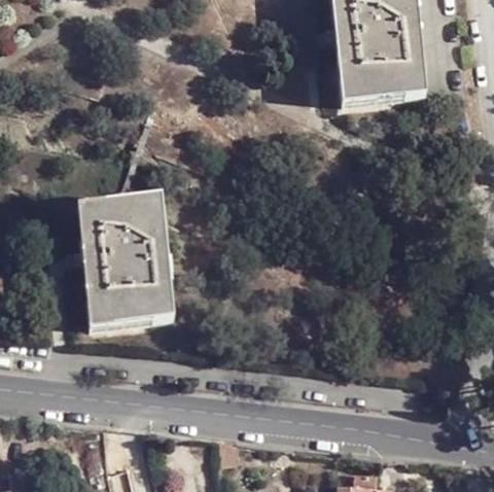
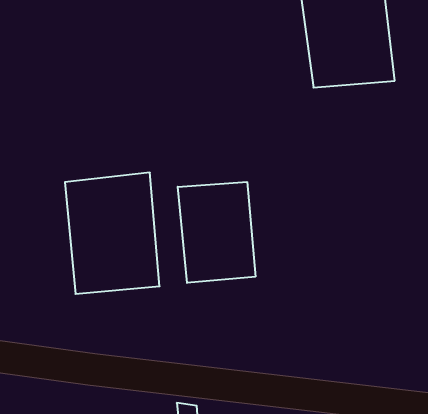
building: none -> [178,182,255,283]

